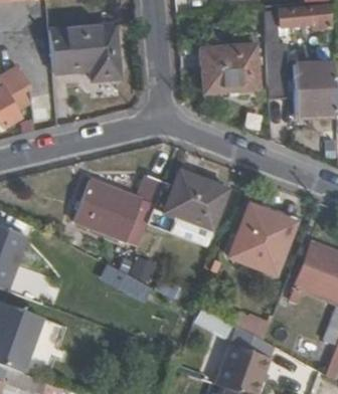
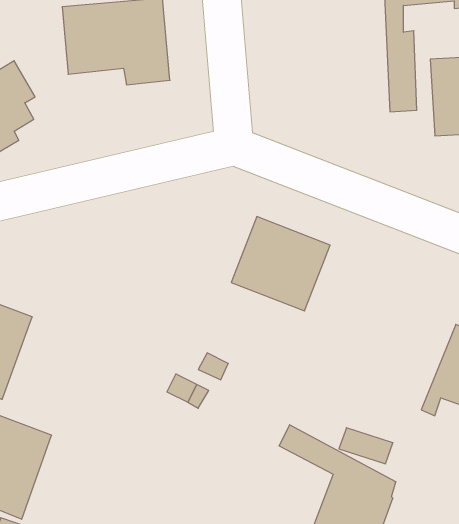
building: [201,30,258,92] -> none
building: [73,174,164,268] -> none
building: [228,204,295,273] -> none

